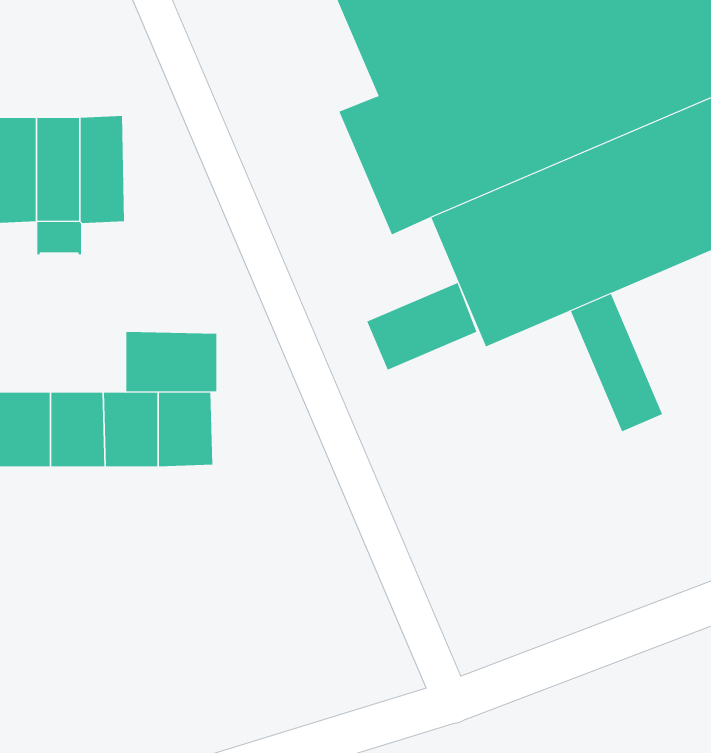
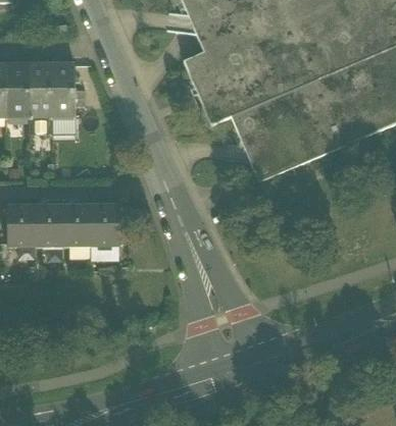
building: [366,282,477,370] -> none
building: [570,293,663,432] -> none
building: [126,331,217,392] -> none

